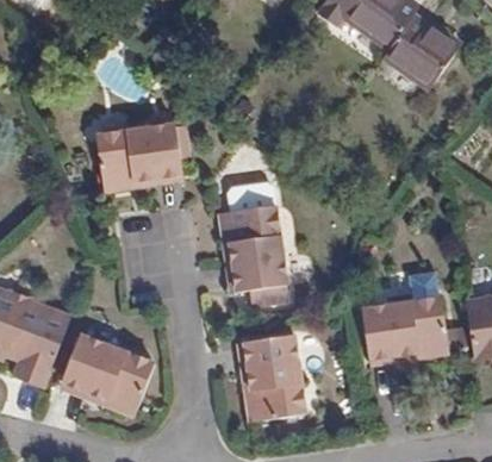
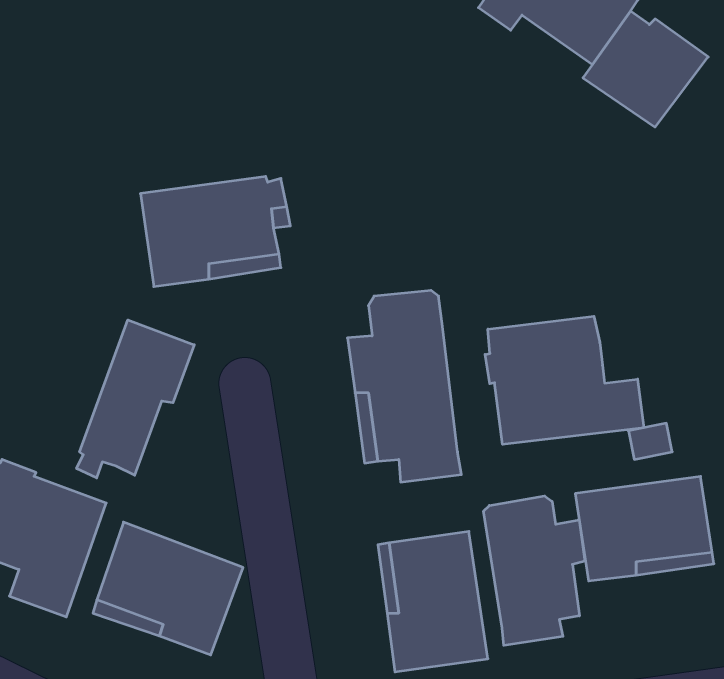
building: none -> [485,316,644,444]
building: none -> [77,320,194,478]
building: none -> [484,496,585,645]

